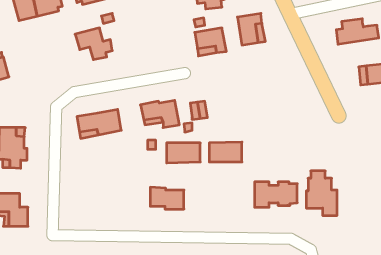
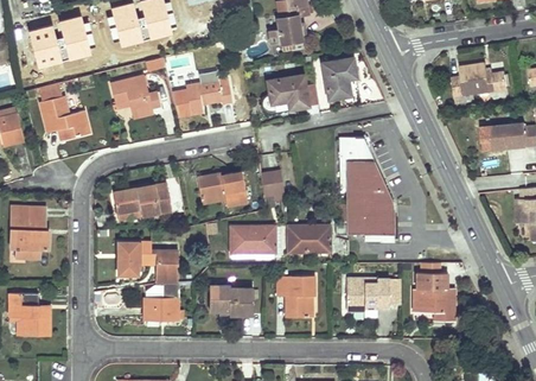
building: none -> [185,81,231,115]
building: none -> [39,83,89,141]
building: none -> [334,136,394,242]
building: none -> [117,241,178,319]
building: none -> [275,275,313,317]

